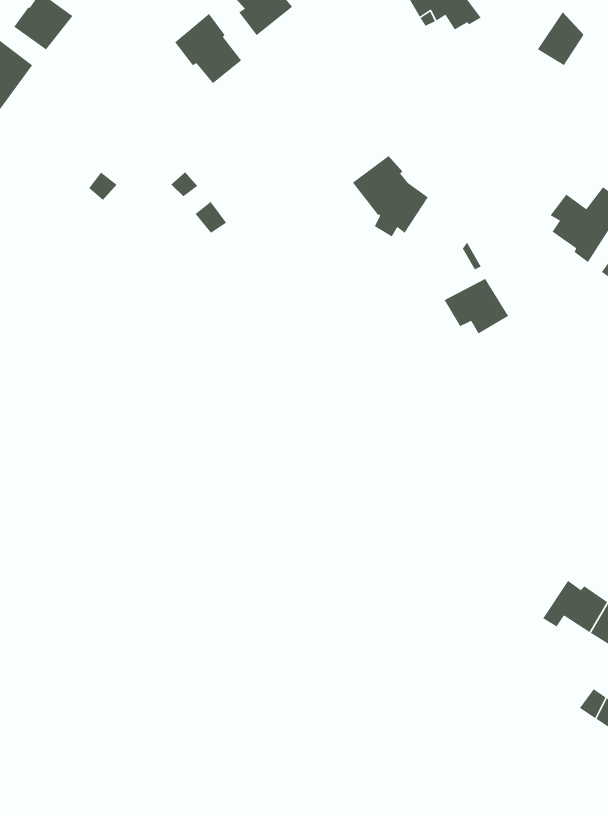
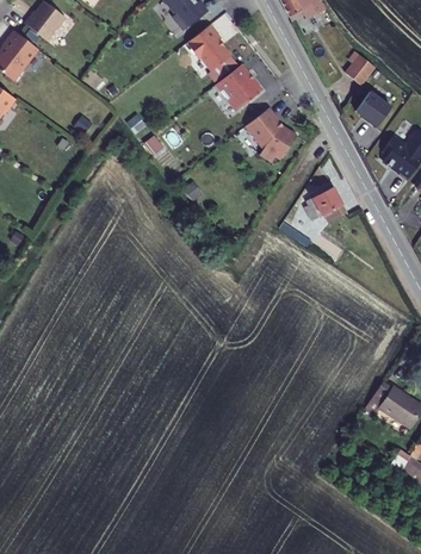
building: [537,11,584,66] -> [342,54,373,89]
building: [174,13,242,84] -> [186,23,230,69]
building: none -> [217,63,261,107]
building: none -> [357,92,392,127]

